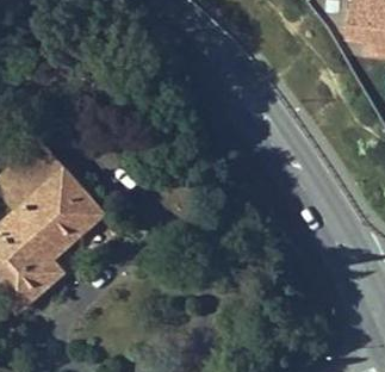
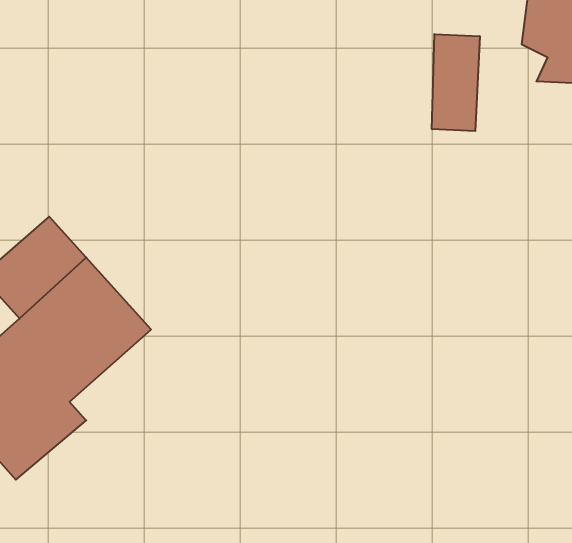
building: none -> [432,34,480,131]

